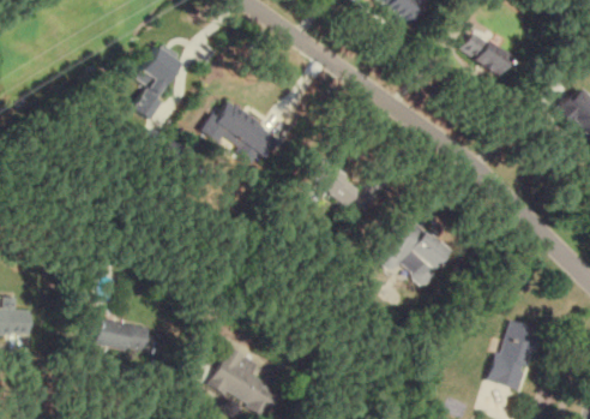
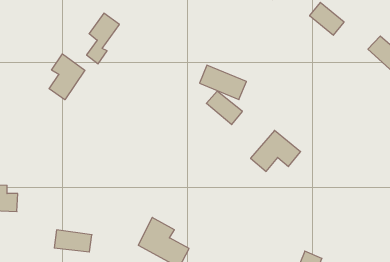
building: [212,104,281,155] -> [200,65,246,100]
building: none -> [49,54,85,100]
building: [492,319,541,391] -> none
building: [94,321,149,353] -> [54,230,92,252]

